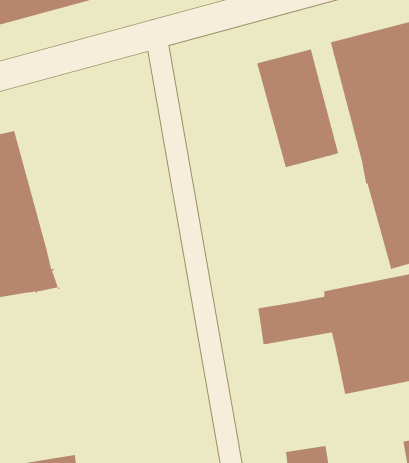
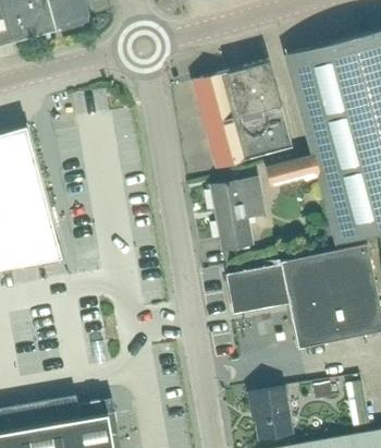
building: none -> [193,72,249,168]
building: none -> [267,155,316,184]
building: none -> [210,177,265,250]

